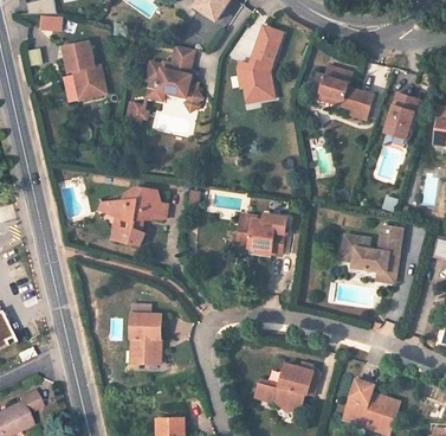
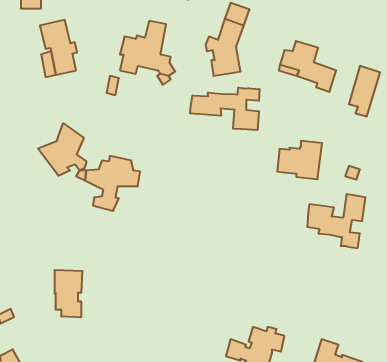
building: none -> [190,87,260,130]
building: none -> [38,123,86,176]
building: [238,214,285,255] -> [277,141,322,179]
building: [130,314,160,364] -> [54,270,83,317]

